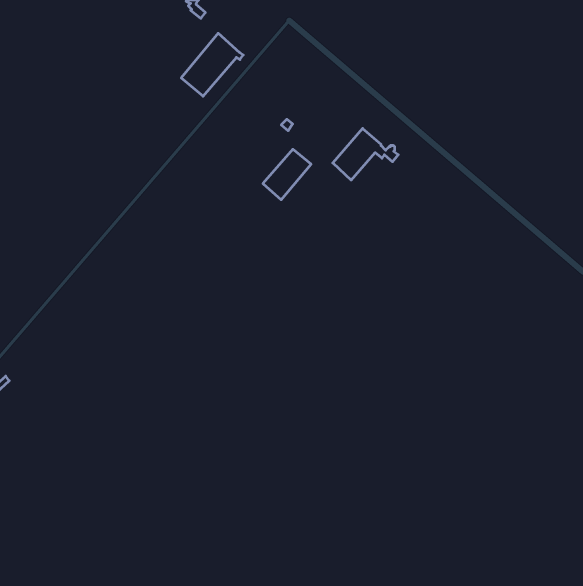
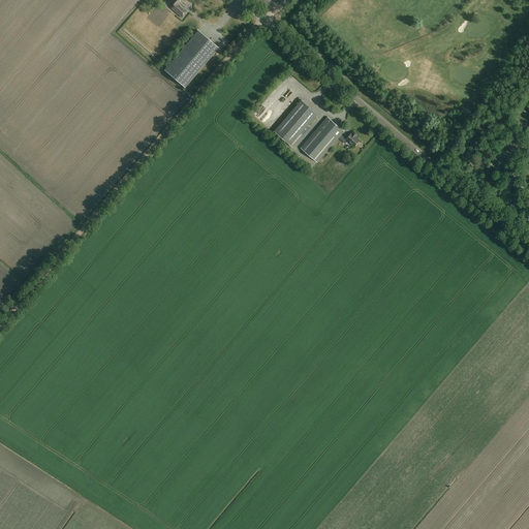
building: [263,149,311,200] -> [273,99,316,145]

